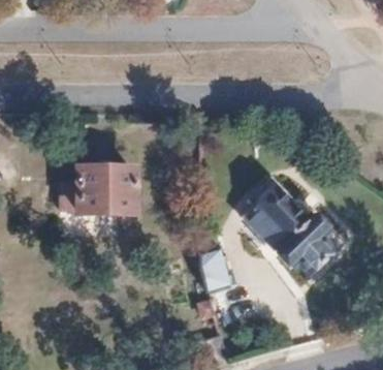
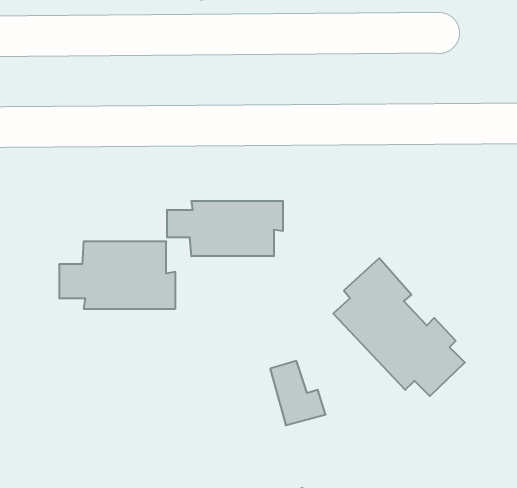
building: none -> [167,201,283,256]

